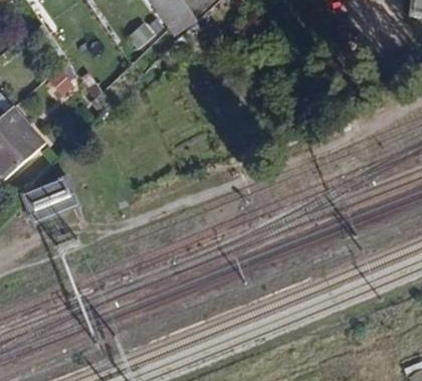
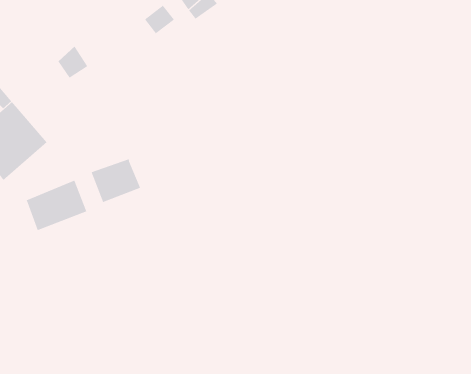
building: none -> [91,159,141,203]

